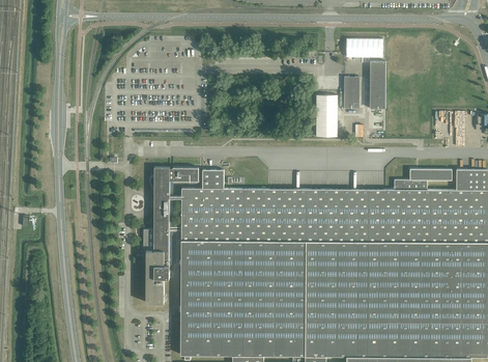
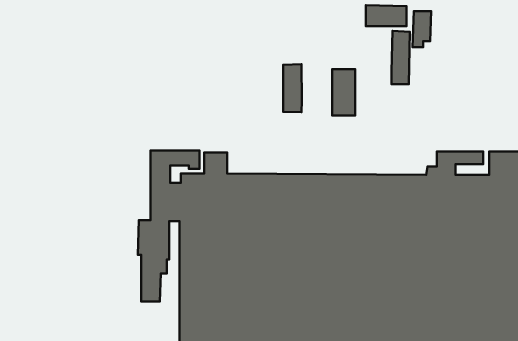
building: [343,77,360,109] -> [413,11,431,47]
building: none -> [283,64,302,112]

